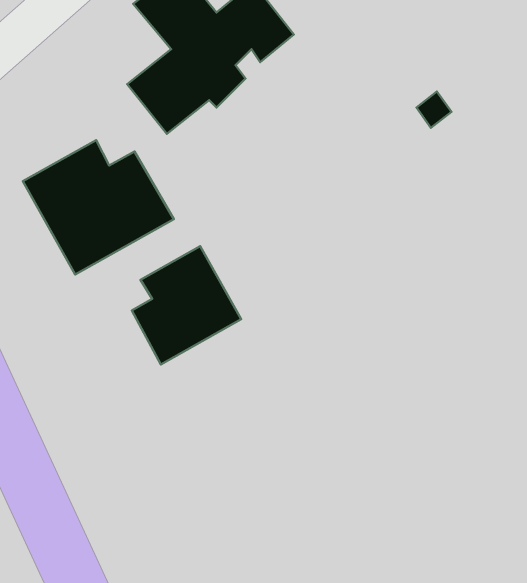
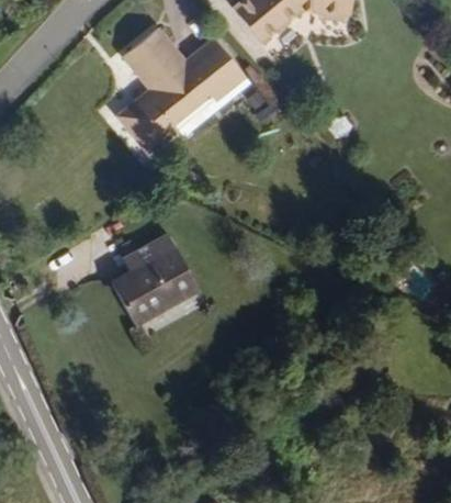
building: [23,140,174,274] -> none

